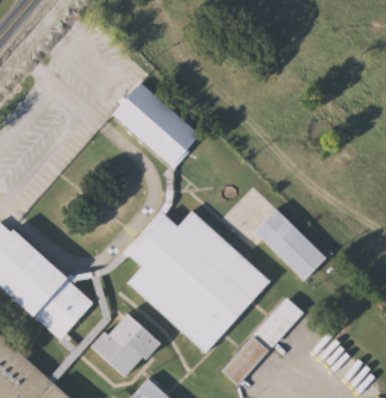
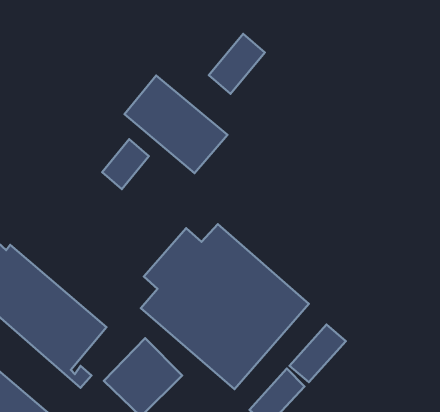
building: none -> [209,34,265,94]
building: none -> [102,139,149,189]
building: [251,207,326,282] -> none

